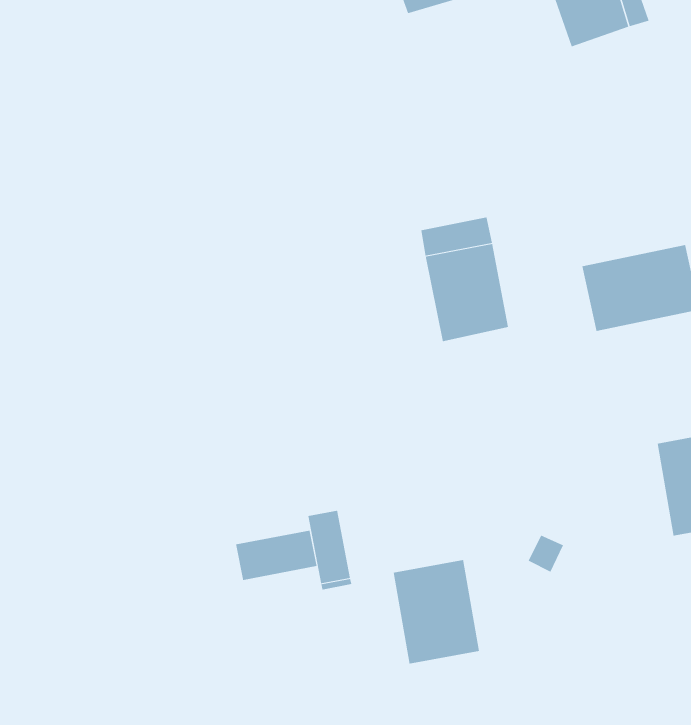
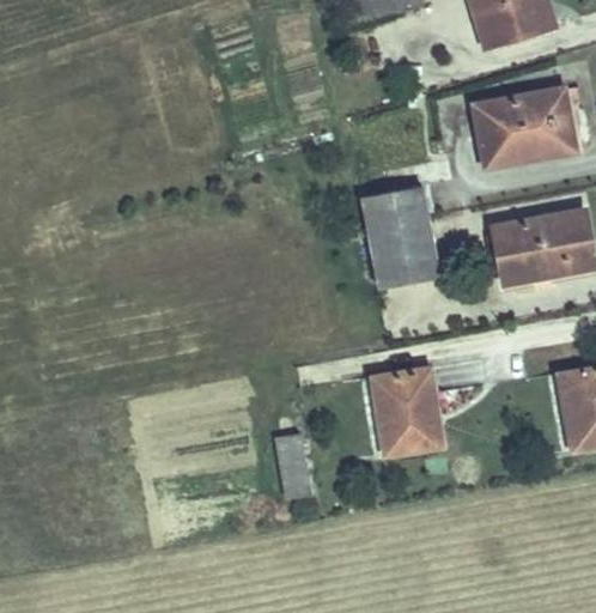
building: none -> [478,89,573,163]
building: [236,530,317,581] -> none
building: [393,560,480,664] -> [367,369,439,455]

